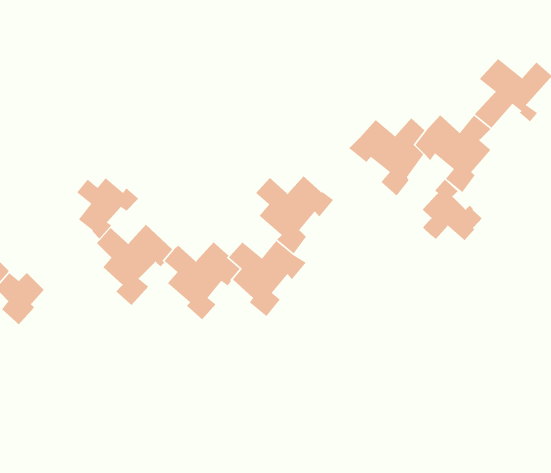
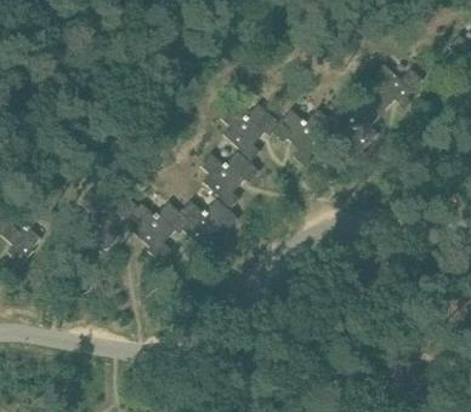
building: none -> [219,103,278,164]
building: [76,177,139,239] -> none
building: [422,179,483,241] -> none

